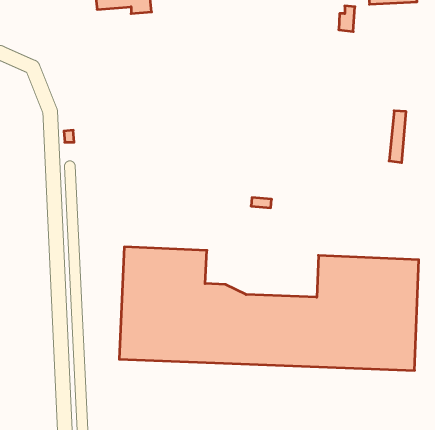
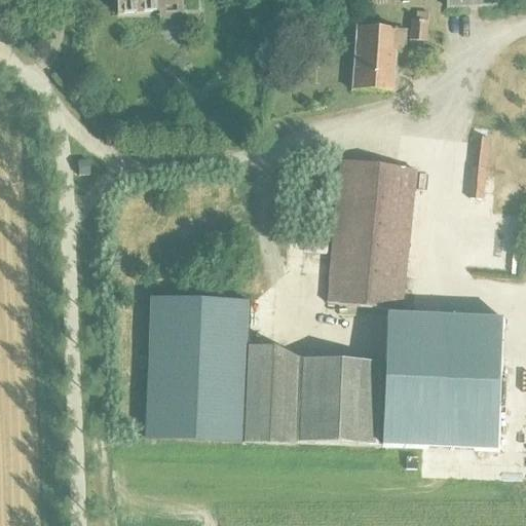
building: none -> [350,22,407,89]
building: none -> [326,156,417,308]

